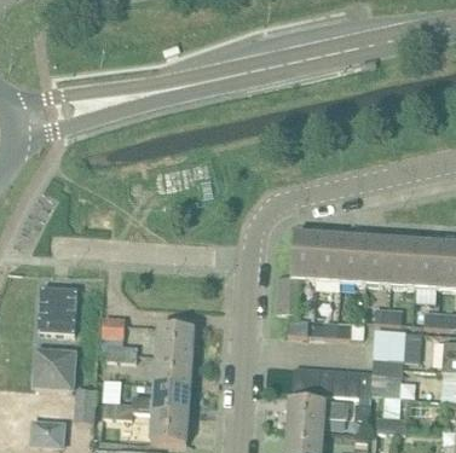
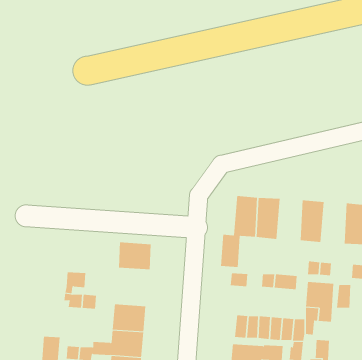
building: [341,234,369,281] -> none
building: [391,238,419,285] -> none
building: [39,285,77,332] -> none
building: [157,324,195,355] -> [118,242,151,270]
building: [35,349,75,388] -> none

